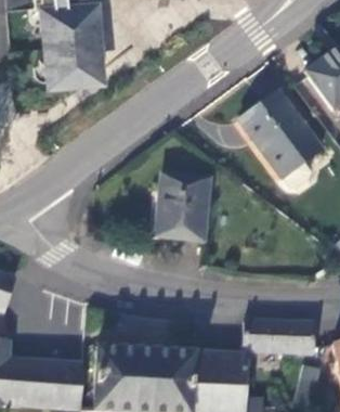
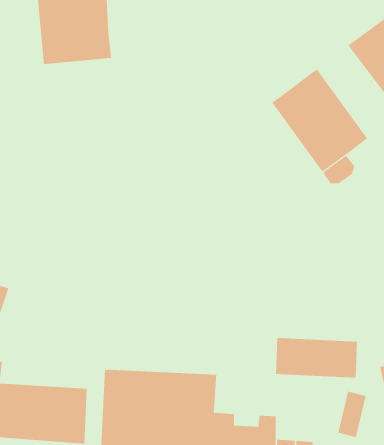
building: [159,173,210,240] -> none
building: [192,350,247,395] -> none

